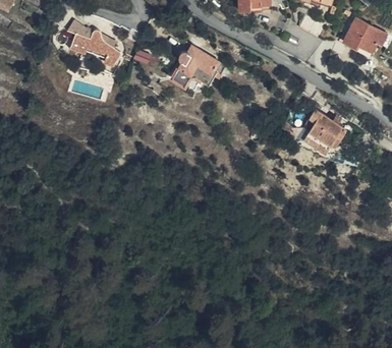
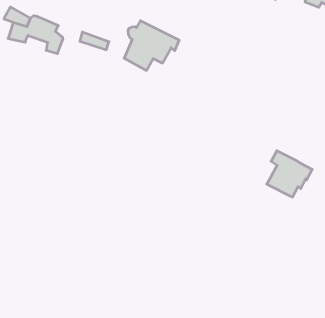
building: [302,109,345,153] -> [267,151,312,197]

